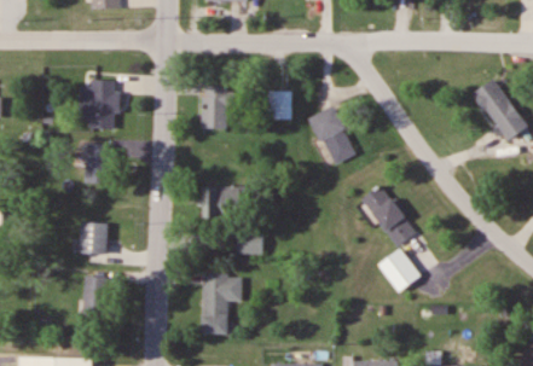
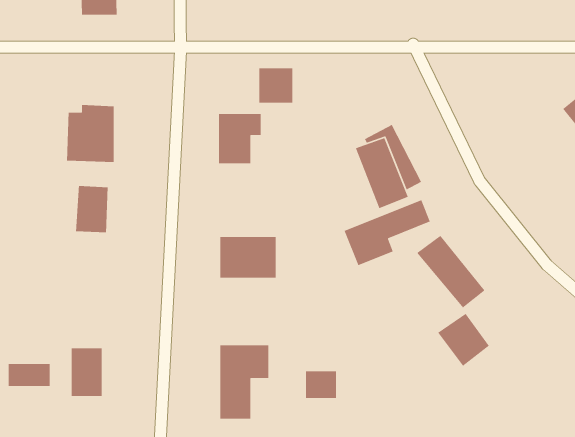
building: [262,94,290,123] -> [259,67,293,103]
building: none -> [344,199,431,266]
building: [79,227,106,258] -> none
building: [236,237,261,260] -> [305,370,337,399]
building: none -> [8,363,50,387]

